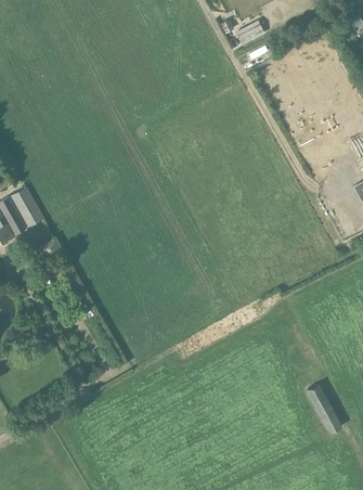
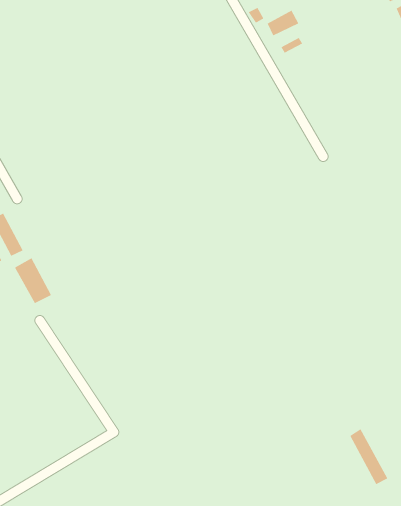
building: [11,185,43,225] -> [14,257,52,304]

